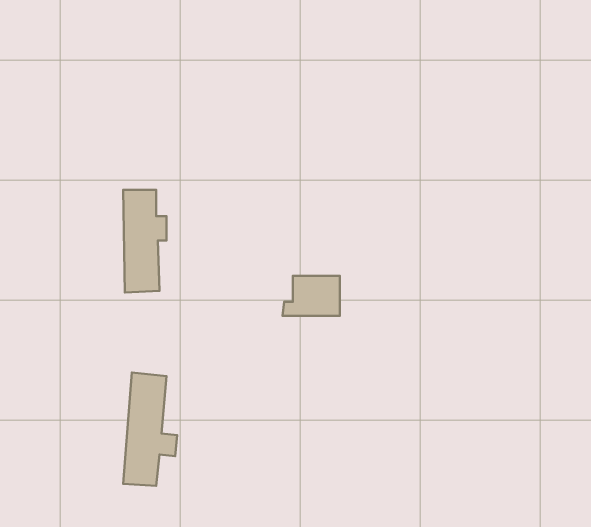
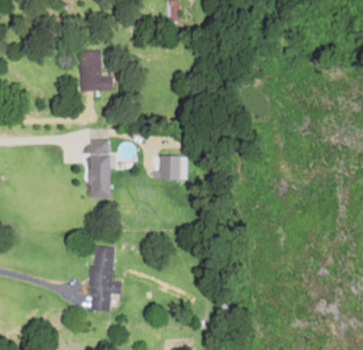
building: none -> [79,51,111,91]
building: [282,276,340,316] -> [153,155,186,179]

